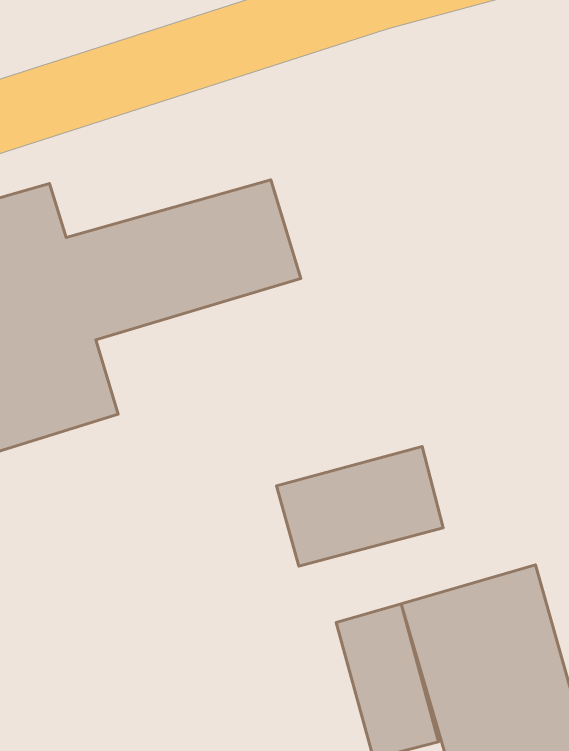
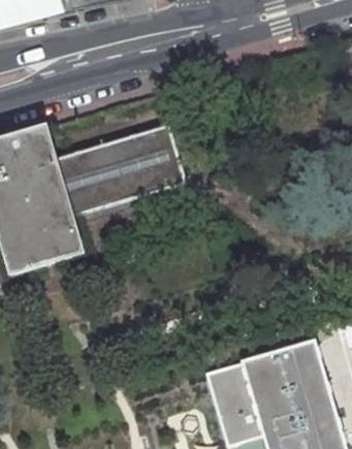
building: [276,447,443,566] -> none

